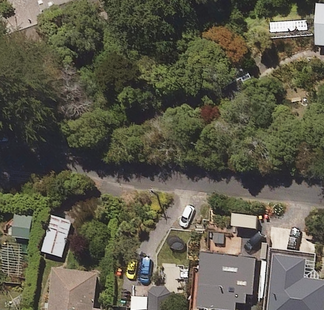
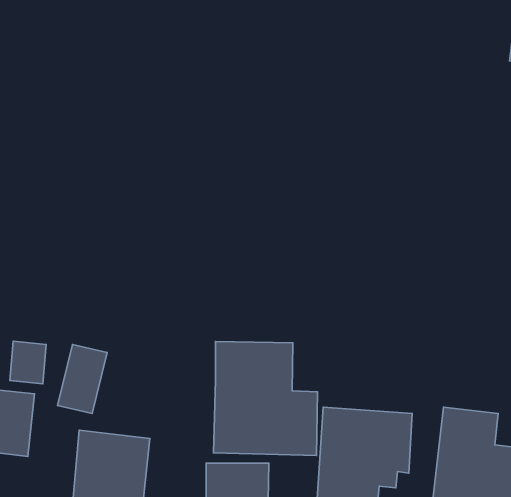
building: none -> [213,342,317,455]

